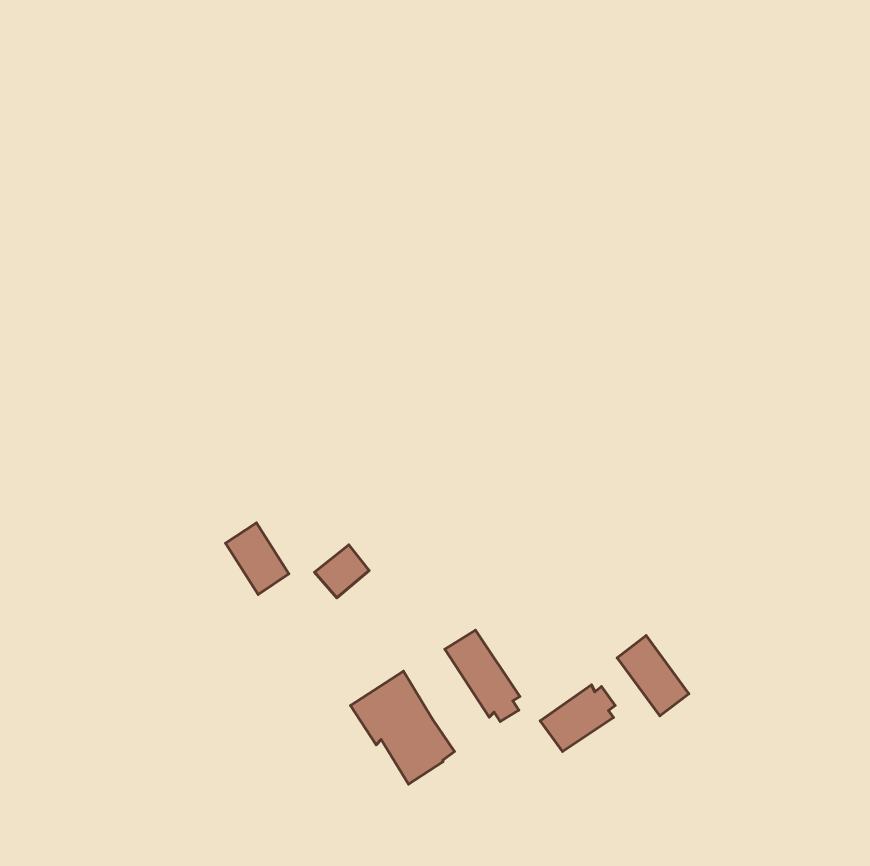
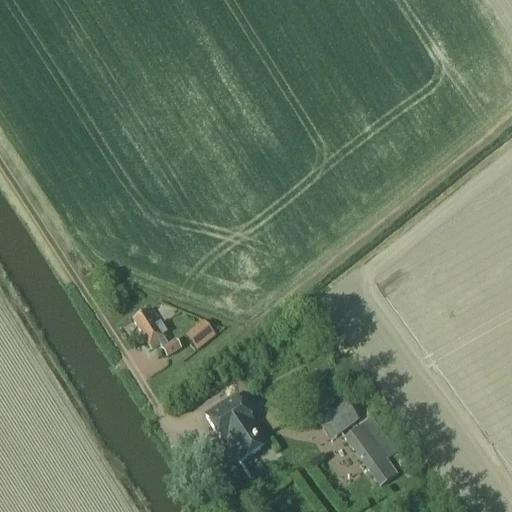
building: [445,630,520,722] -> none
building: [617,636,689,716] -> [346,423,388,470]

